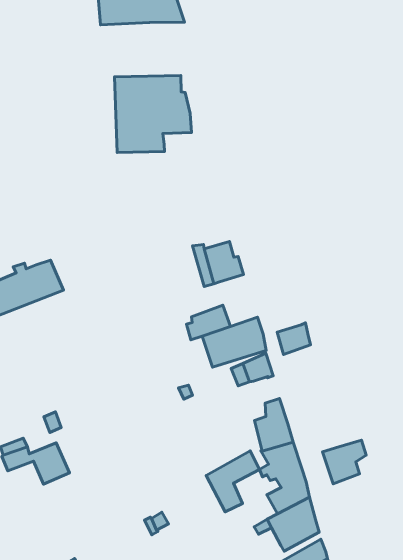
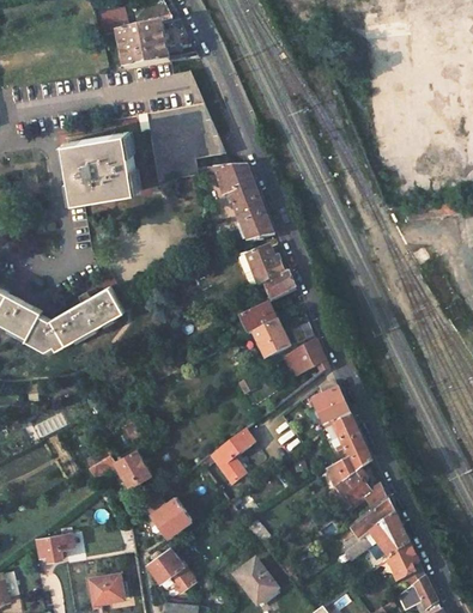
building: none -> [65,132,138,201]
building: none -> [213,166,272,241]
building: [277,323,310,355] -> [263,272,295,303]
building: [323,440,366,484] -> none
building: [206,451,260,512] -> [213,426,260,484]
building: none -> [153,498,193,539]

